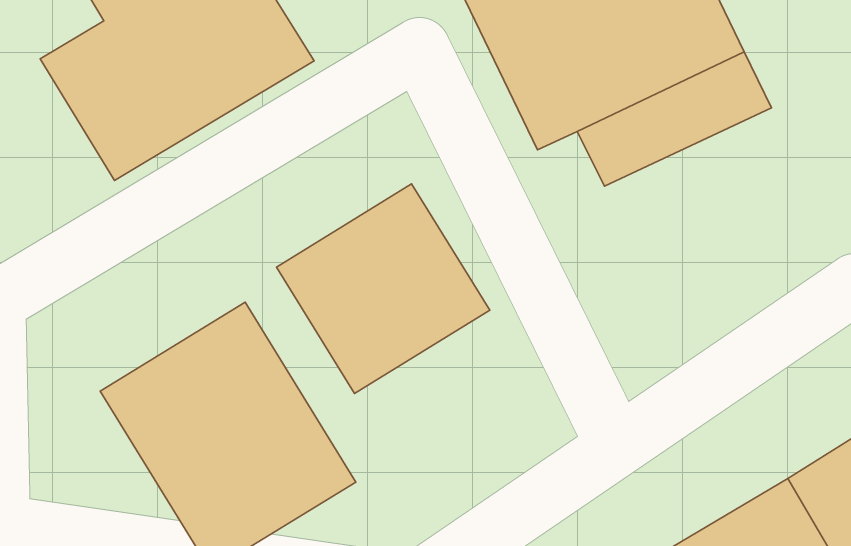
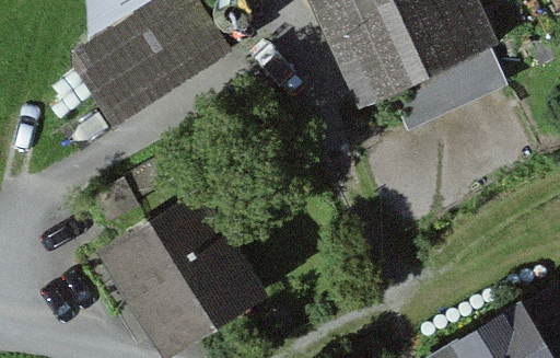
building: [276,184,490,394] -> none

